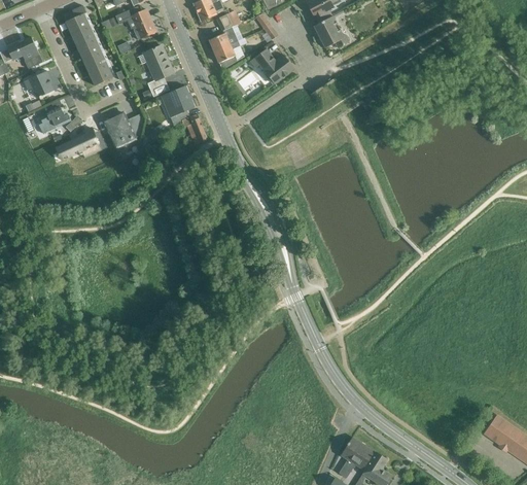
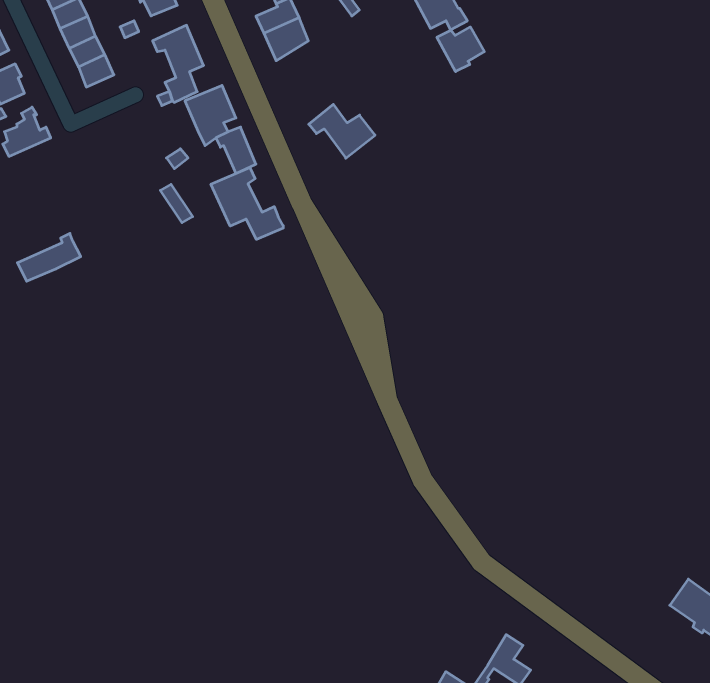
building: none -> [437,27,484,72]
building: [249,47,293,83] -> [309,104,375,158]
building: [104,112,144,147] -> none
building: [56,128,98,160] -> [17,233,81,281]
building: none -> [211,167,283,239]
building: [339,438,374,477] -> none

